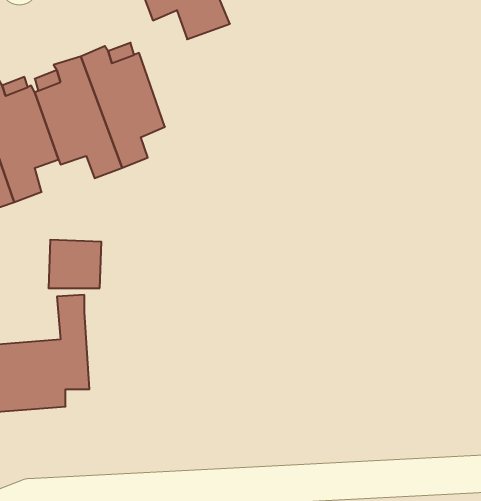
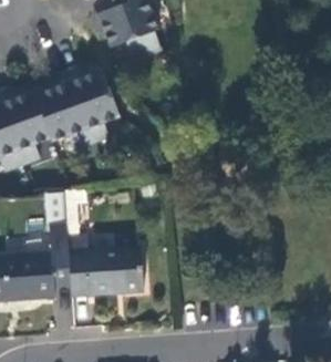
building: none -> [68,235,144,297]

